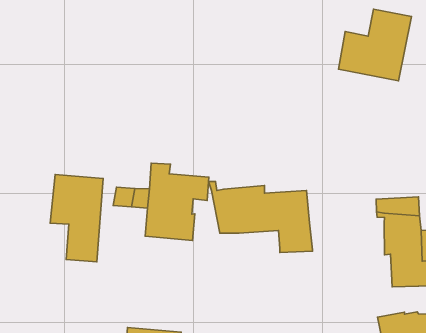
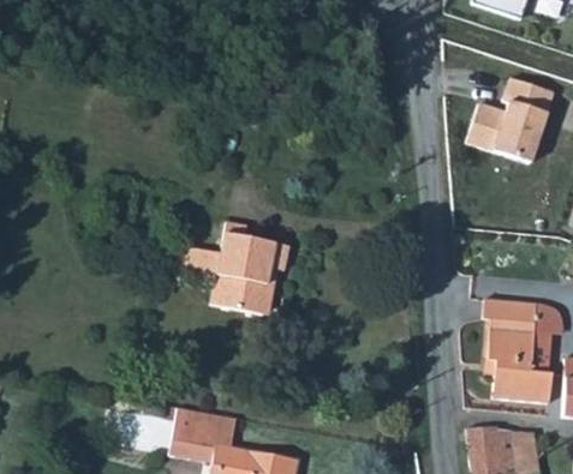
building: [50,174,103,262] -> none
building: [209,181,313,253] -> none

